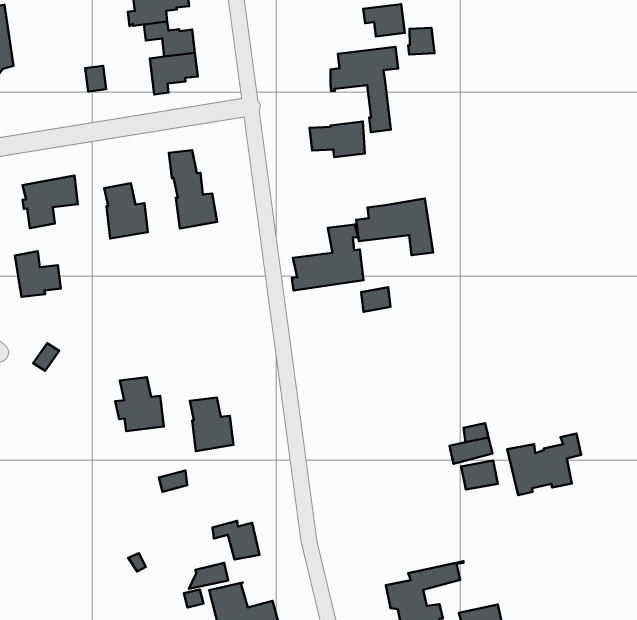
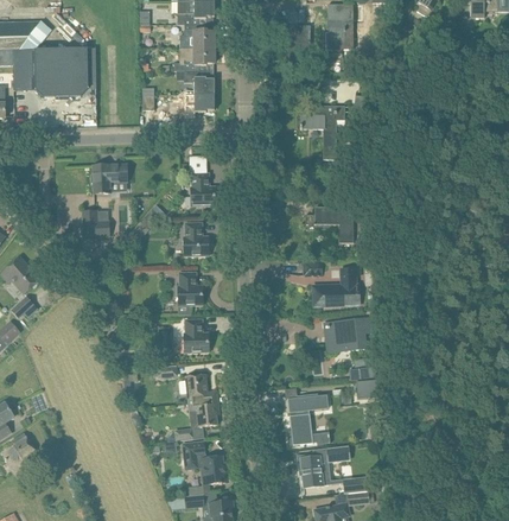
building: [309,121,365,157] -> none
building: [104,183,148,239] -> [184,222,209,256]
building: [292,225,363,291] -> [313,268,360,306]
building: [115,377,164,431] -> [173,272,203,305]
building: [507,433,581,495] -> [325,317,373,352]
building: none -> [179,374,215,405]
building: none -> [288,394,329,445]

